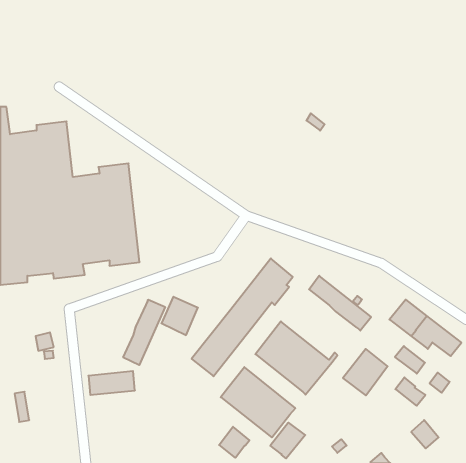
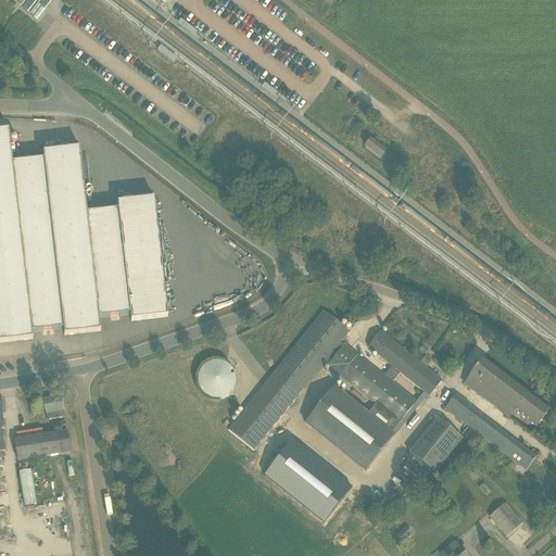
building: none -> [327,341,427,422]
building: [123,300,165,365] -> none
building: [88,371,135,395] -> [12,428,67,456]
building: [395,377,425,406] -> [445,391,481,425]
building: [270,423,305,458] -> none
building: [219,427,249,458] -> none

